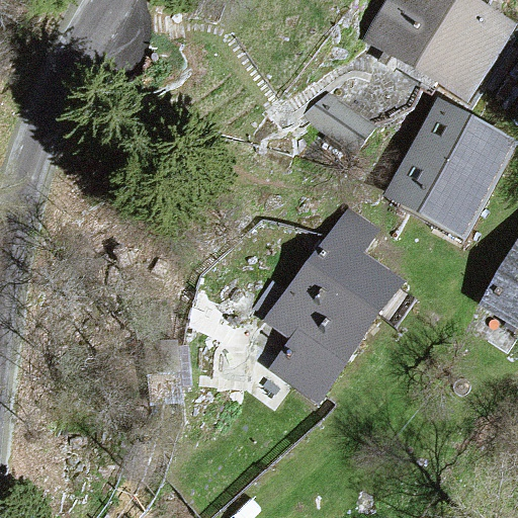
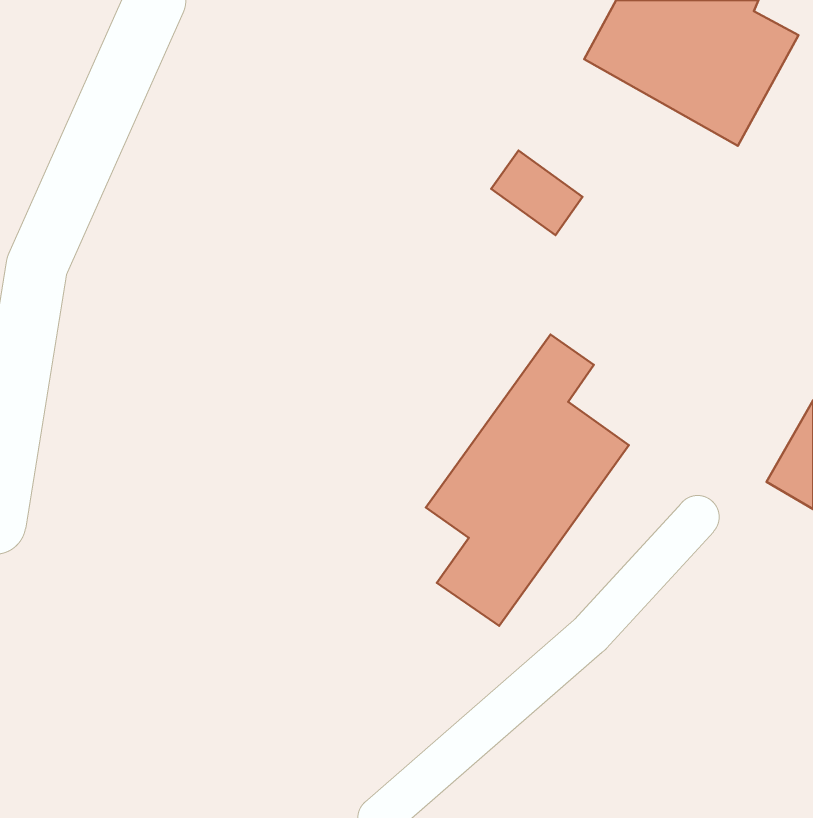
building: [394,106,510,232] -> none

